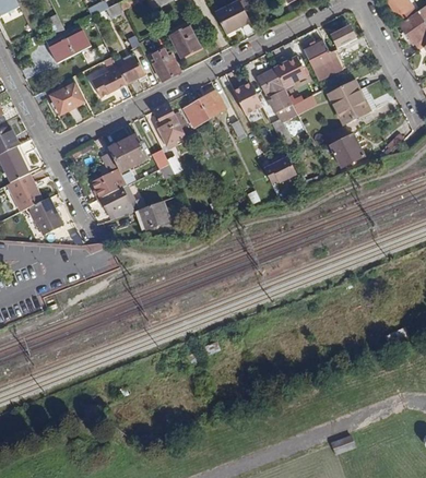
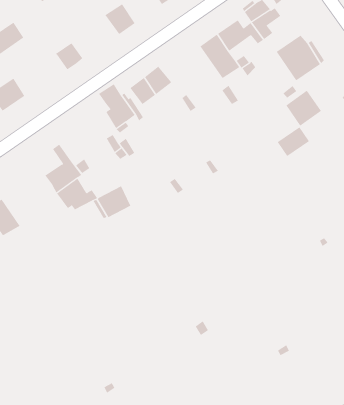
building: [152,49,179,81] -> none
building: [92,63,126,96] -> none
building: [234,82,262,115] -> none
building: [107,133,149,172] -> none
building: [265,159,297,187] -> [277,126,310,157]

